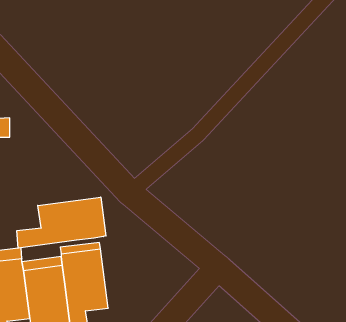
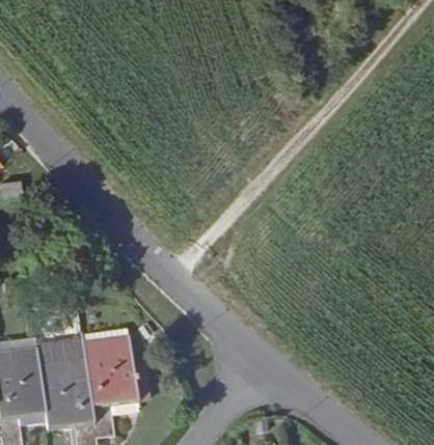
building: [17,197,106,248] -> none

